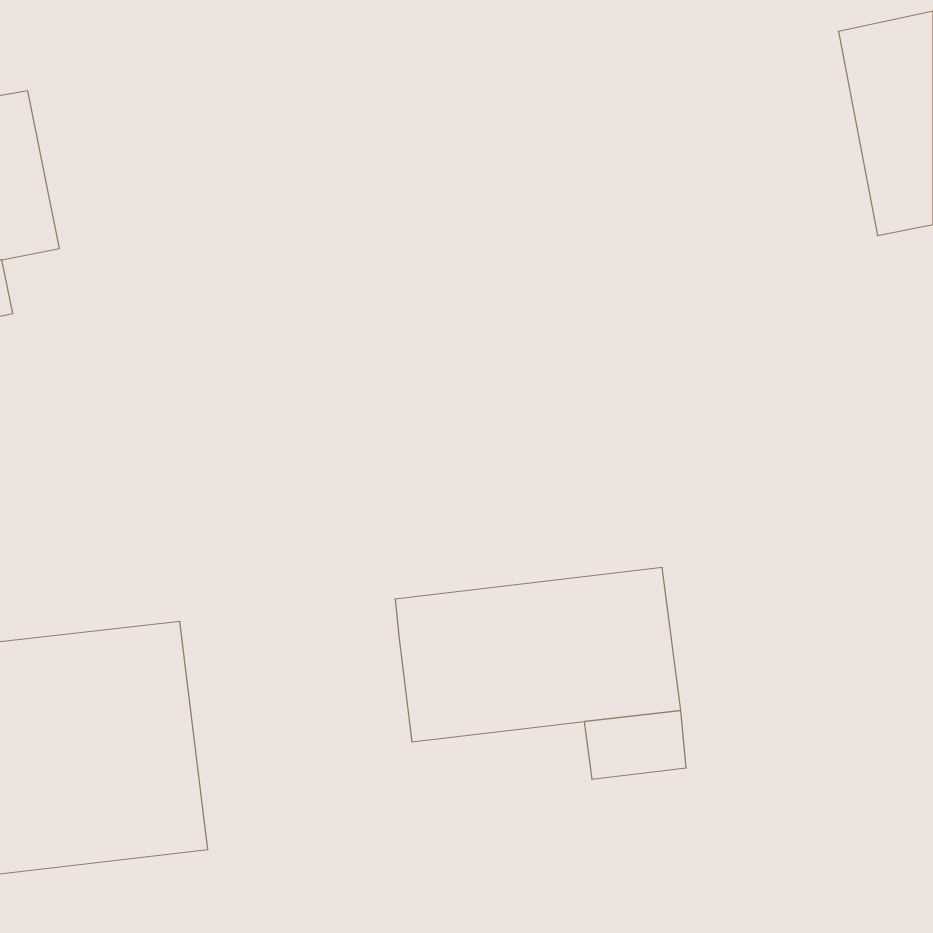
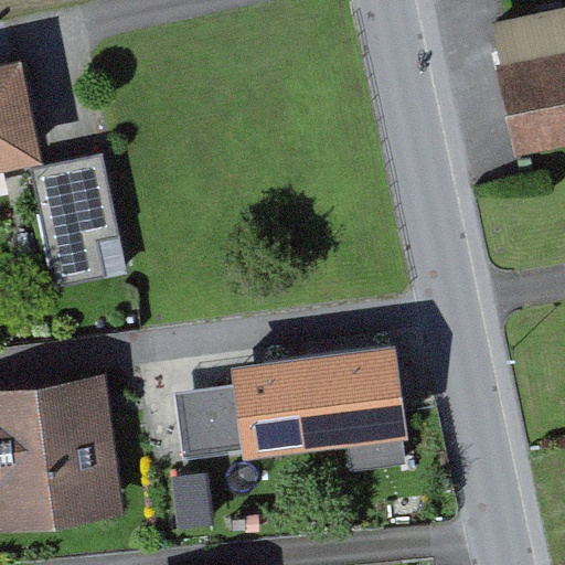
building: none -> [38,160,126,289]
building: none -> [178,387,245,458]

